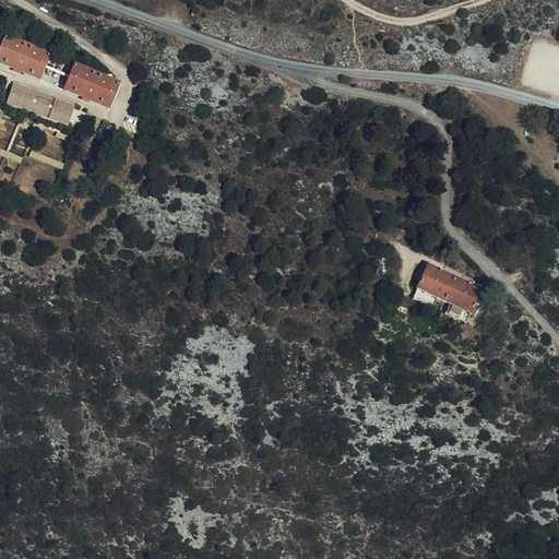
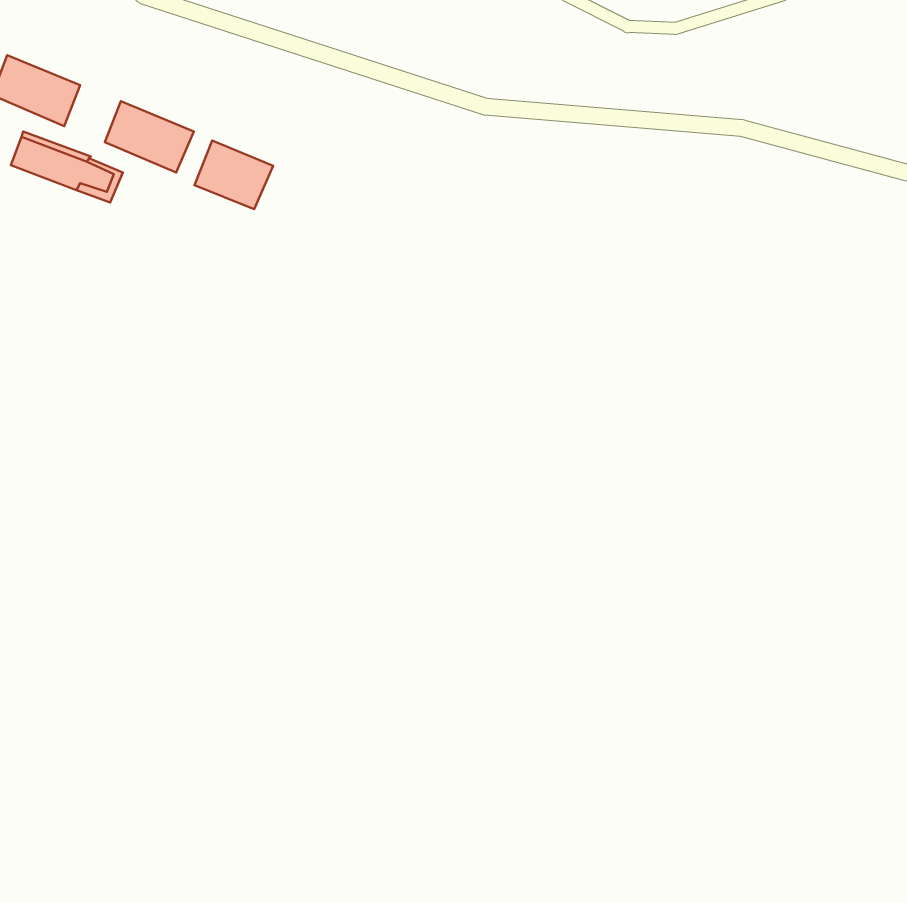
building: none -> [194,140,273,209]
building: [411,263,480,322] -> none

